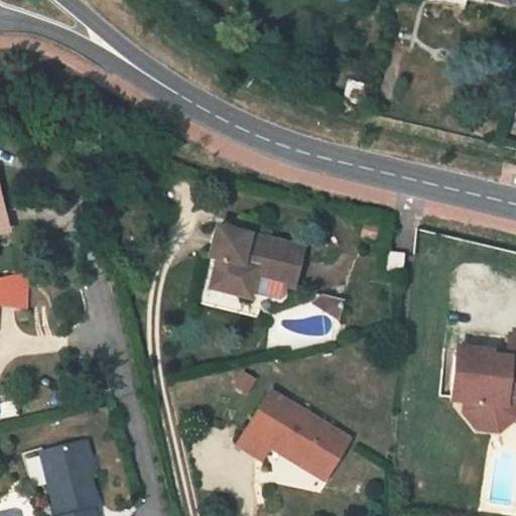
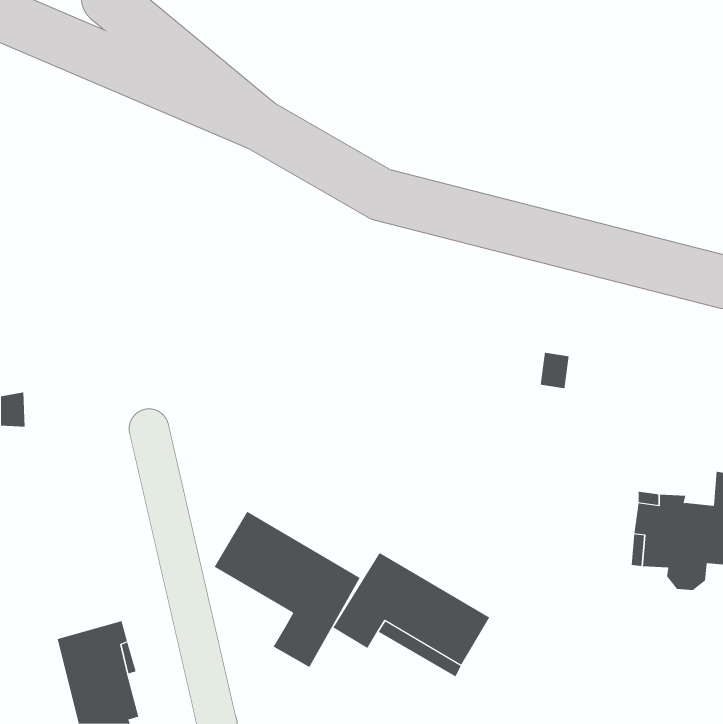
building: [210,221,303,299] -> none
building: none -> [214,511,360,668]

